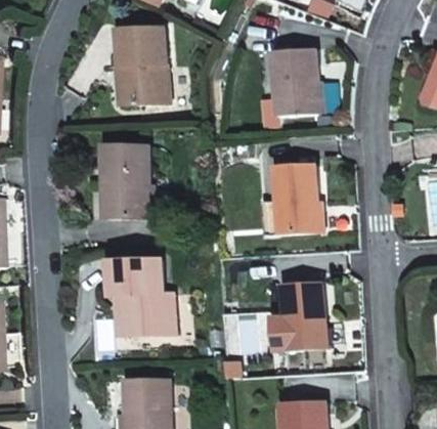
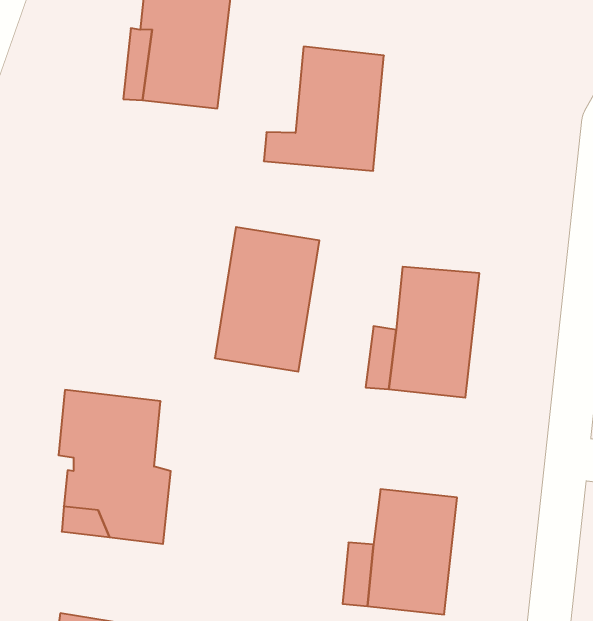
building: [261,49,320,115] -> [264,47,384,171]
building: [104,145,149,216] -> [215,227,319,372]

